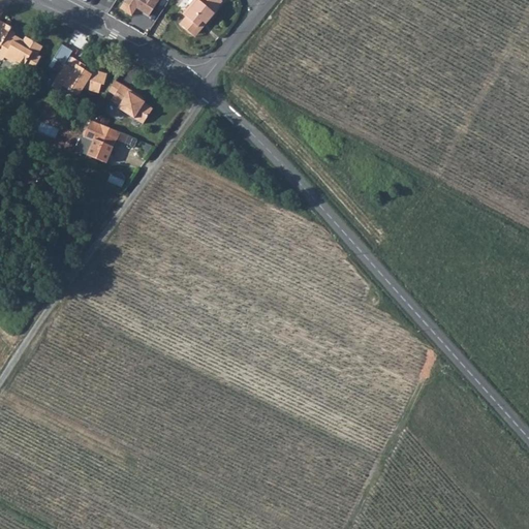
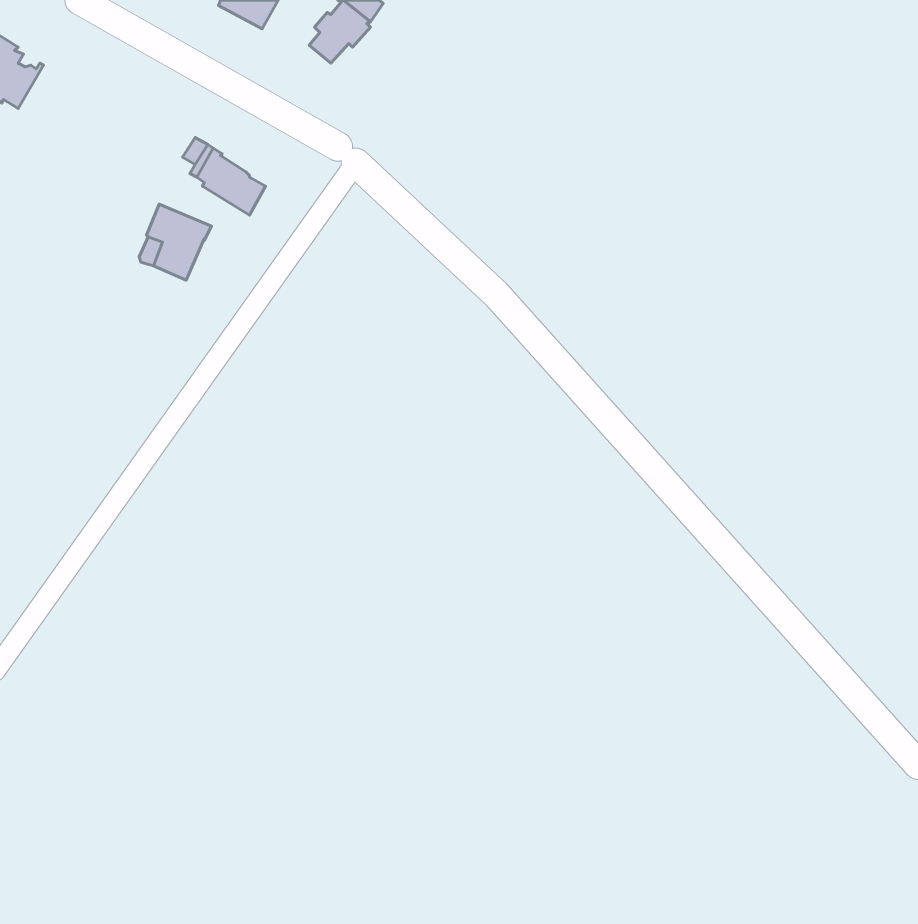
building: [10,37,40,70] -> none
building: [49,43,103,95] -> none

